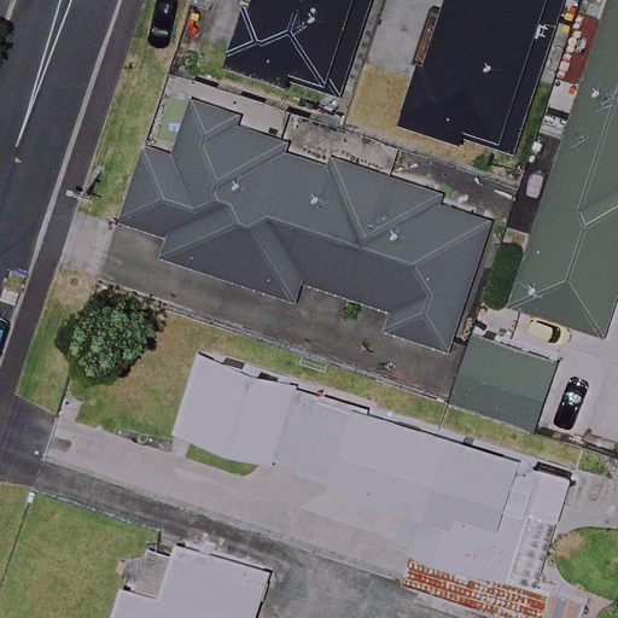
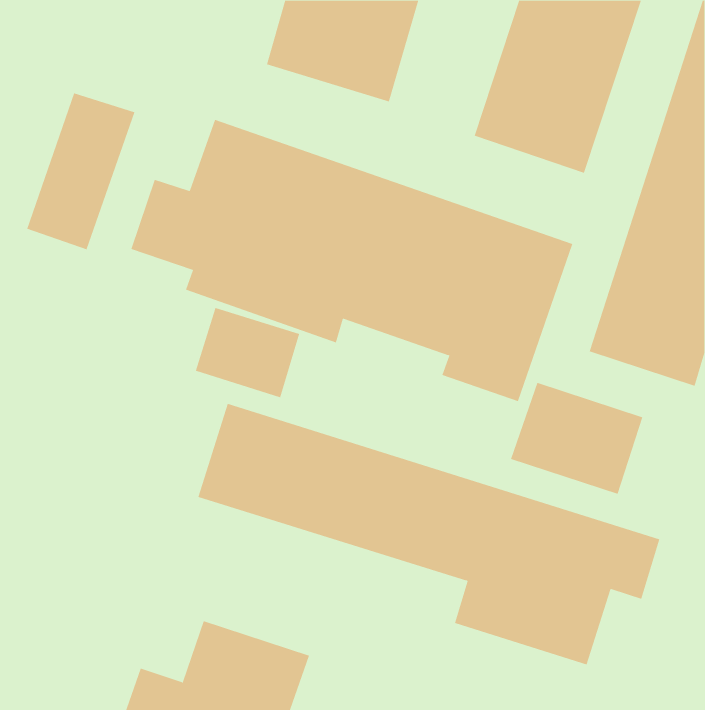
building: none -> [26,92,135,250]
building: none -> [195,307,300,398]

